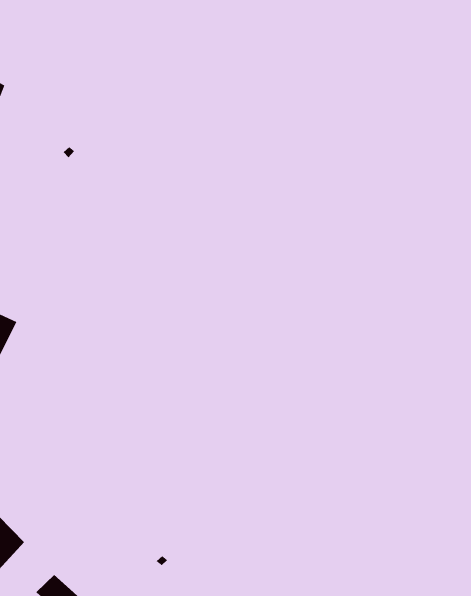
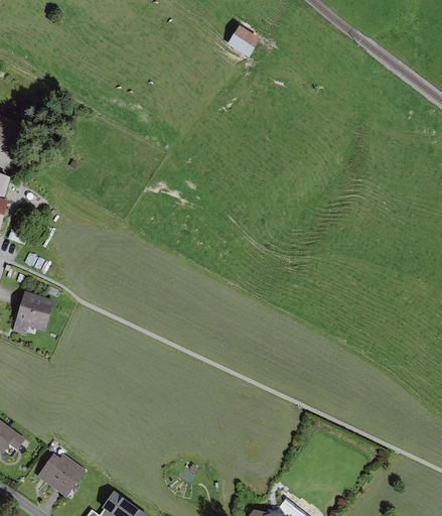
building: none -> [229,31,257,57]

